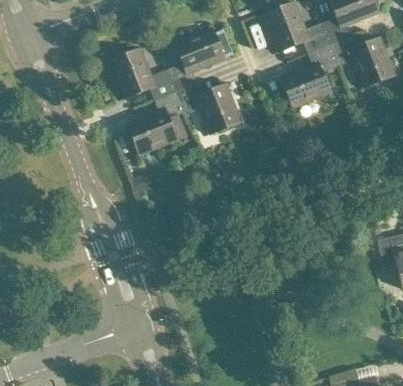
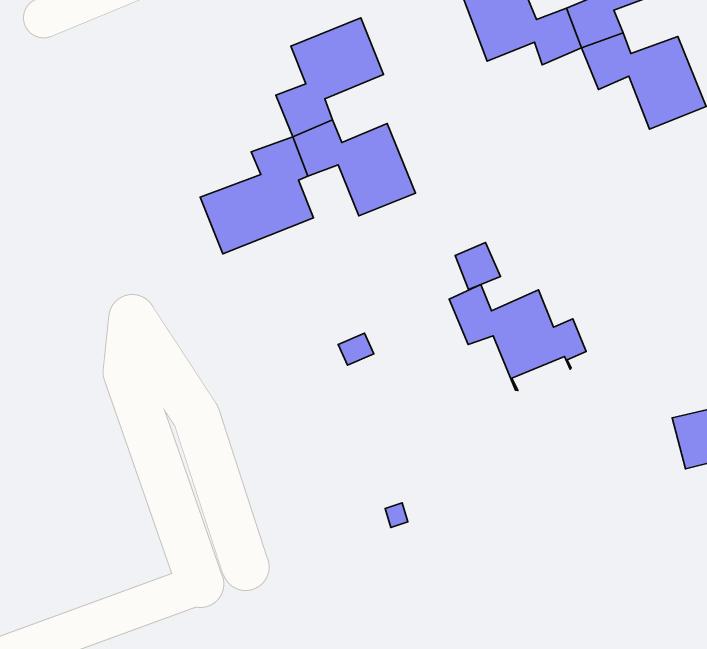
building: [283,44,340,107] -> none
building: [113,48,178,99] -> none
building: none -> [449,284,586,391]

